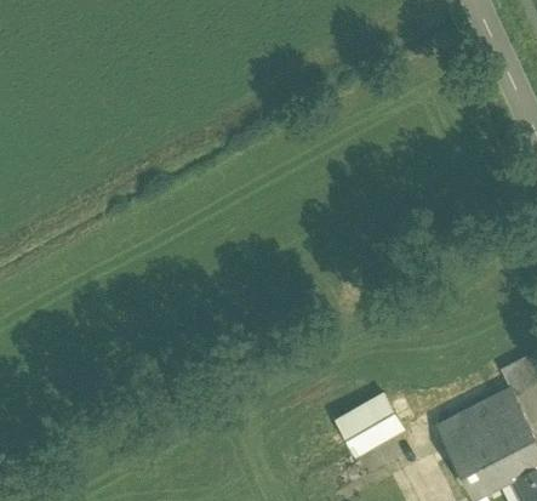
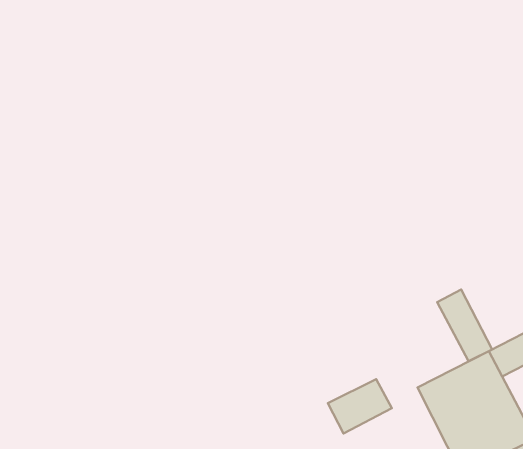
building: none -> [437,289,492,361]

